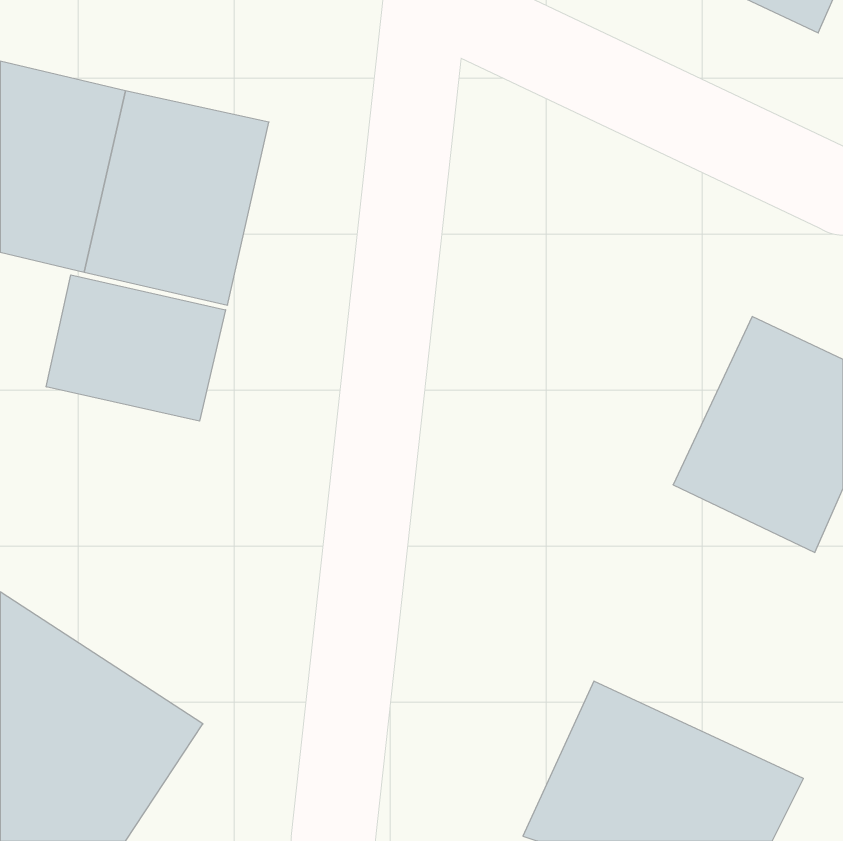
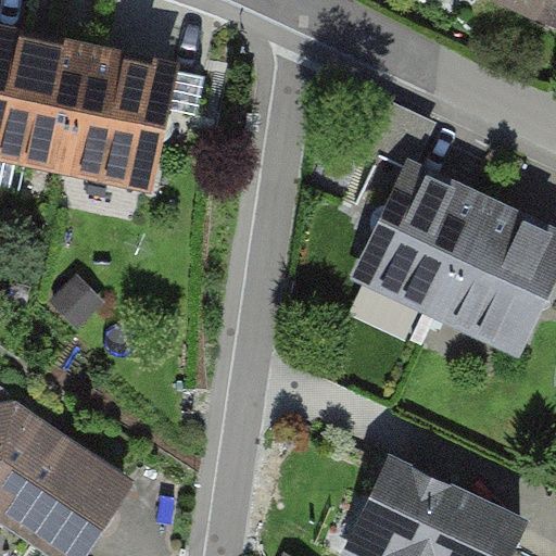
building: none -> [350,165,495,319]
building: [46,275,226,421] -> none

